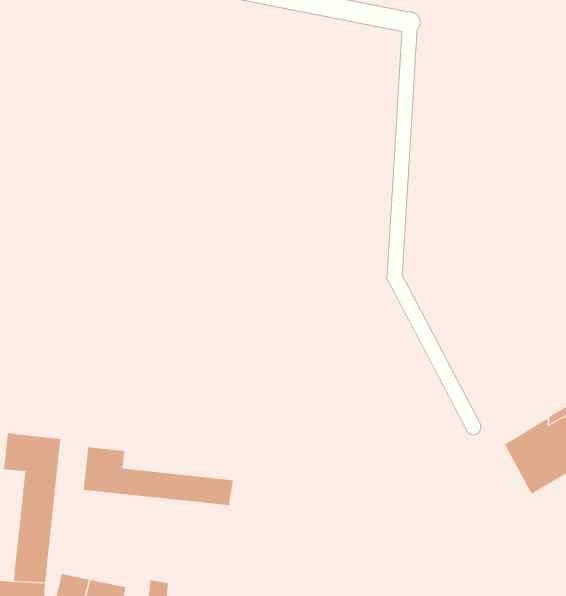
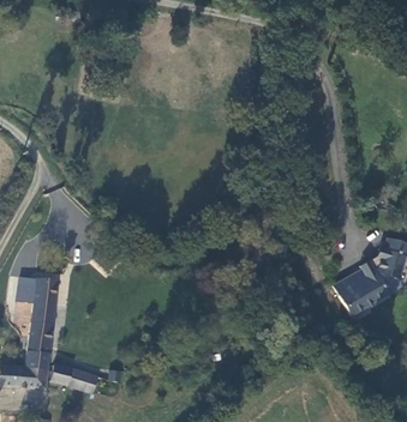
building: [83,447,234,506] -> none

